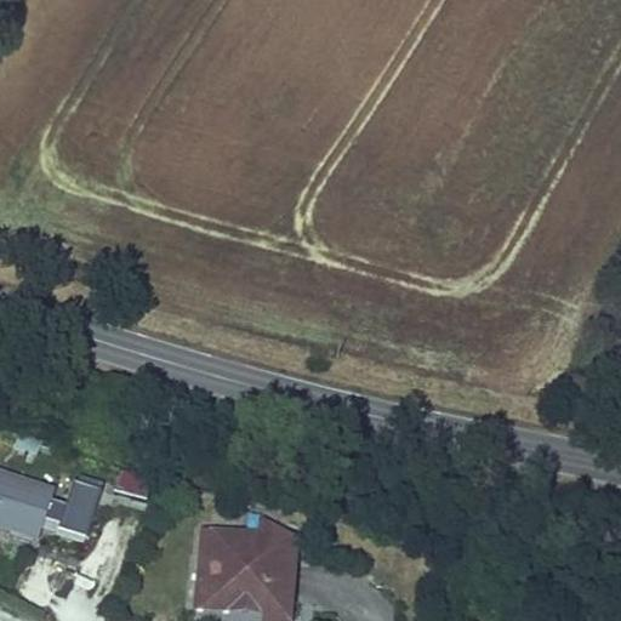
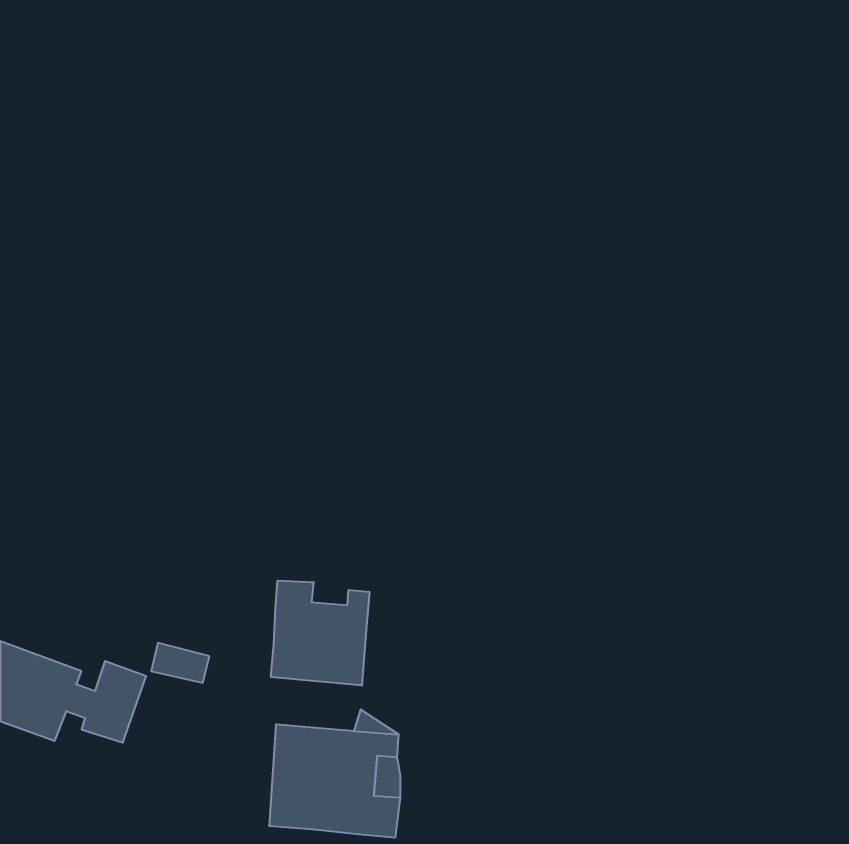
building: none -> [271,581,369,686]

